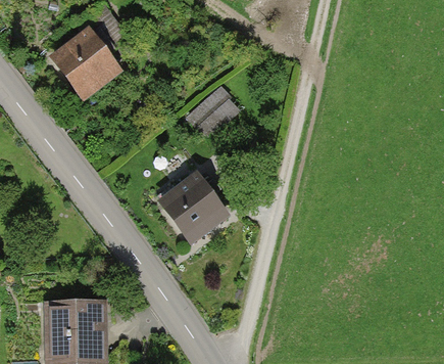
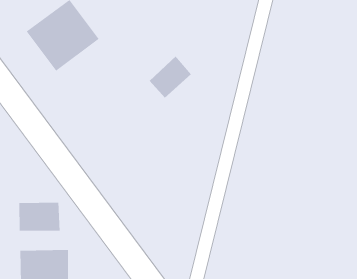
building: [161,167,245,246] -> none
building: none -> [19,202,60,232]

